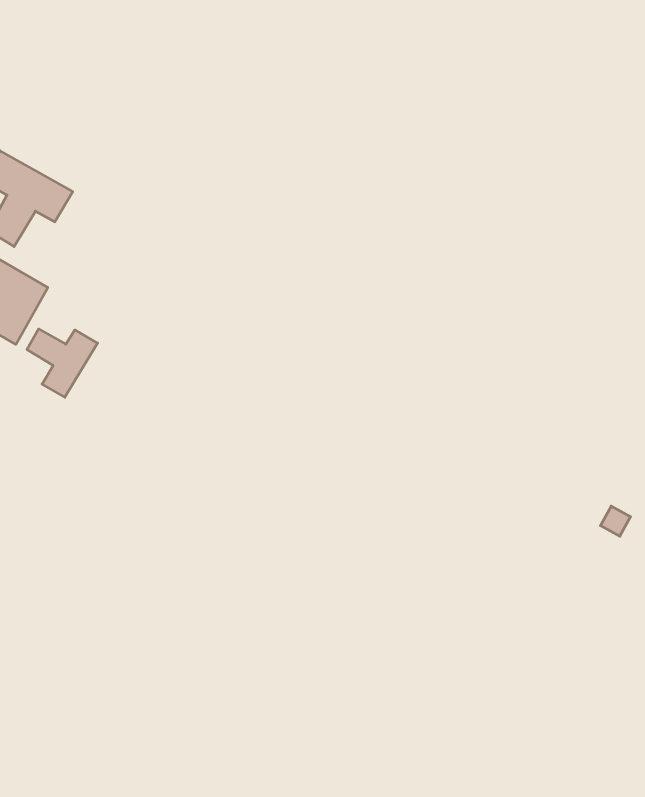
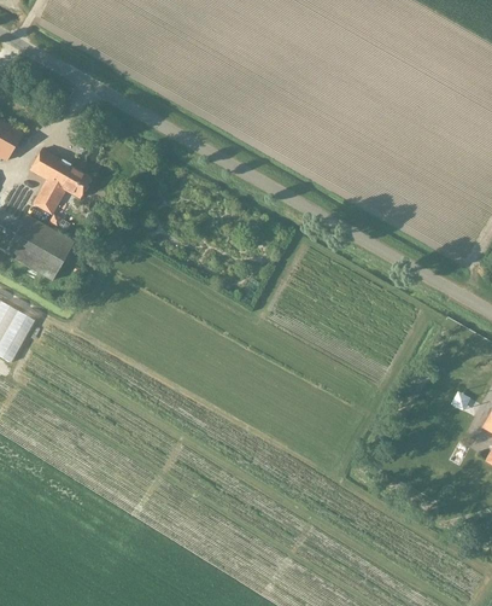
building: [27,329,98,397] -> none

